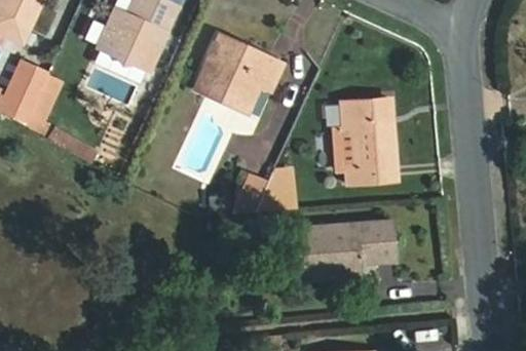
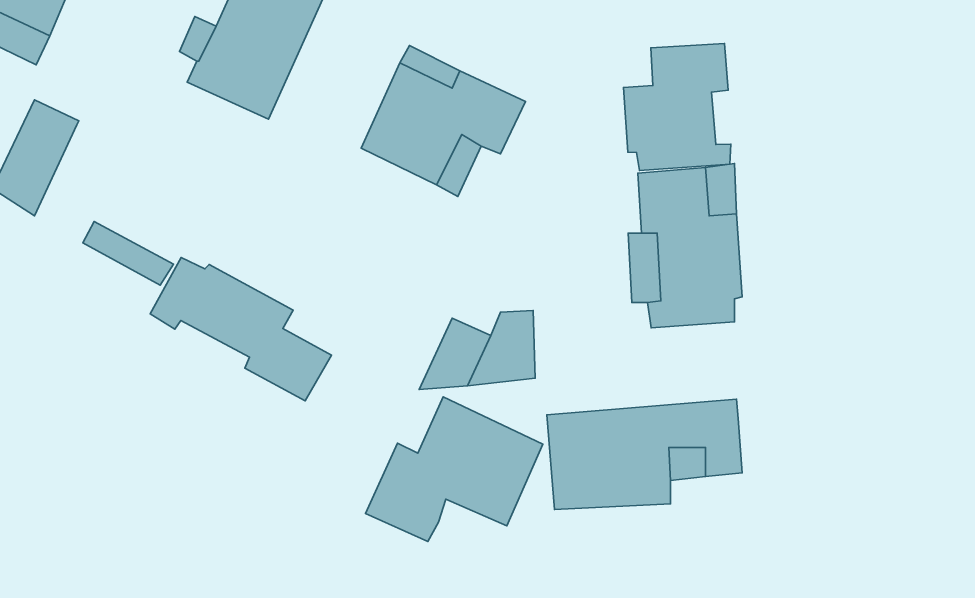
building: none -> [623,44,731,170]
building: [22,75,59,132] -> none
building: none -> [150,257,331,401]
building: none -> [365,397,543,542]

